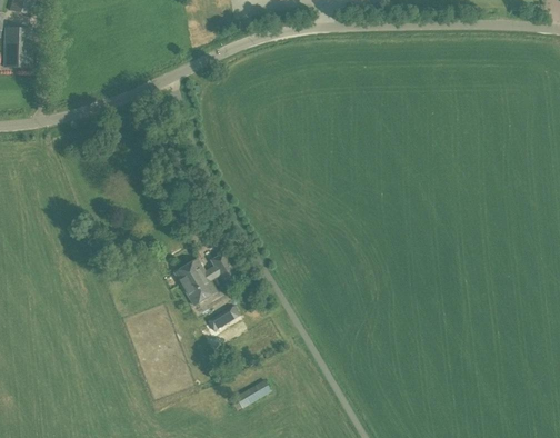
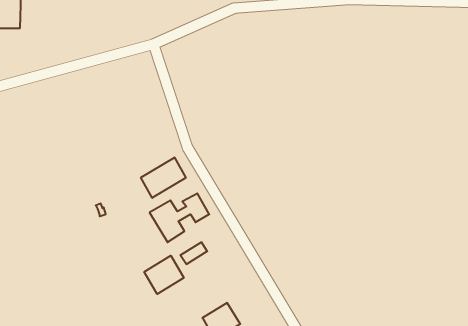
building: none -> [141,157,186,198]
building: none -> [144,256,184,294]

